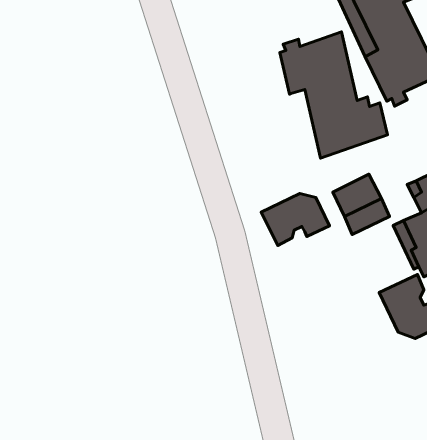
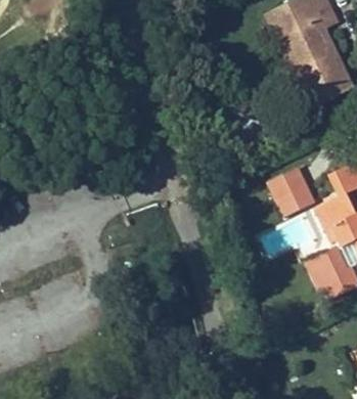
building: [280,32,387,158] -> none
building: [261,193,330,246] -> none

